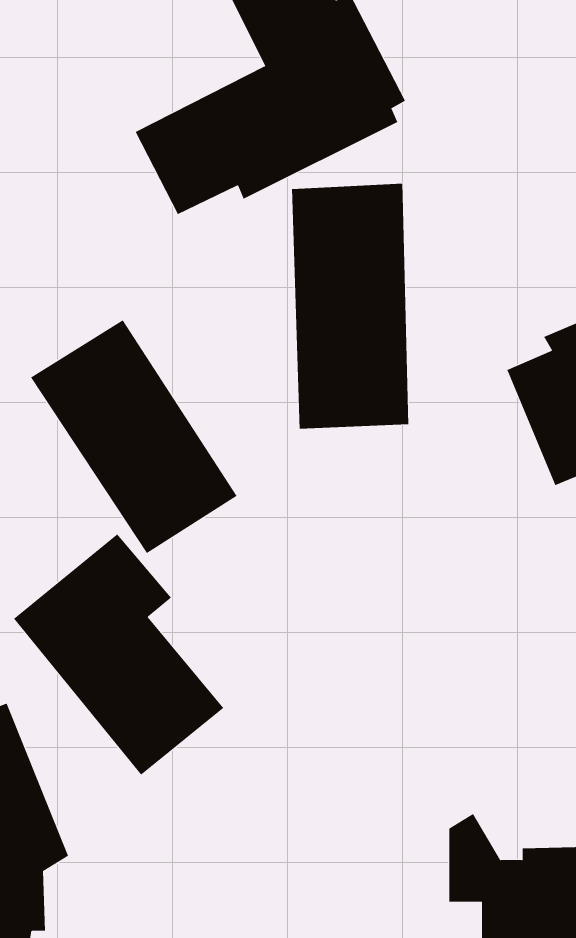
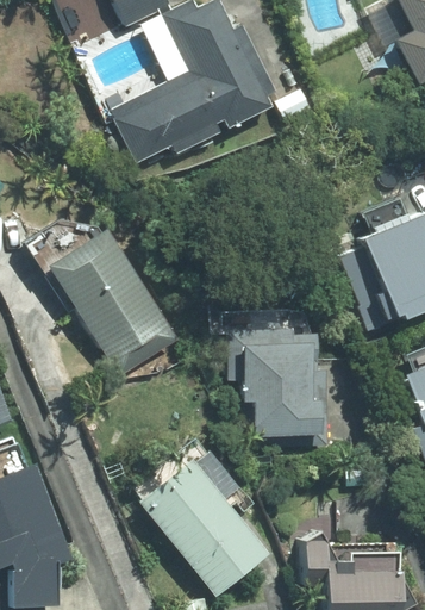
building: [291,183,409,429] -> none
building: none -> [227,330,329,447]
building: [13,534,224,776] -> [138,447,268,596]

